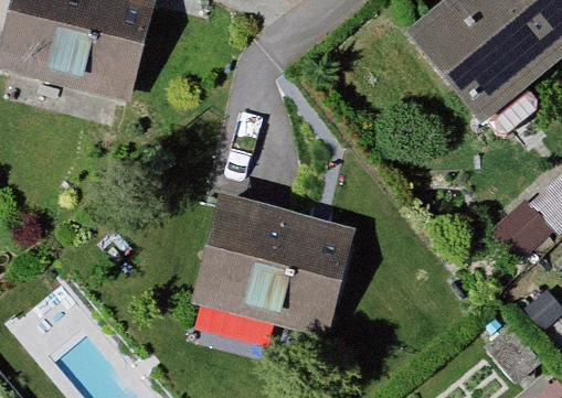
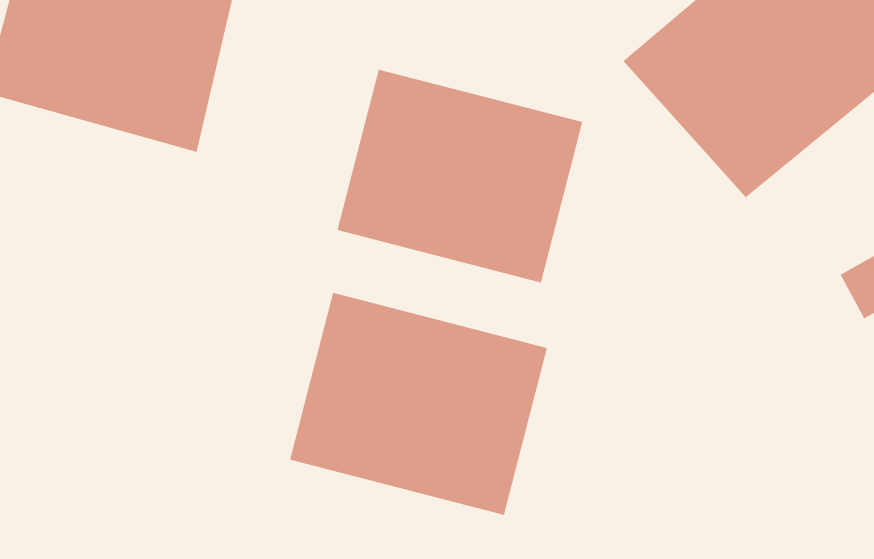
building: none -> [337,69,583,283]

